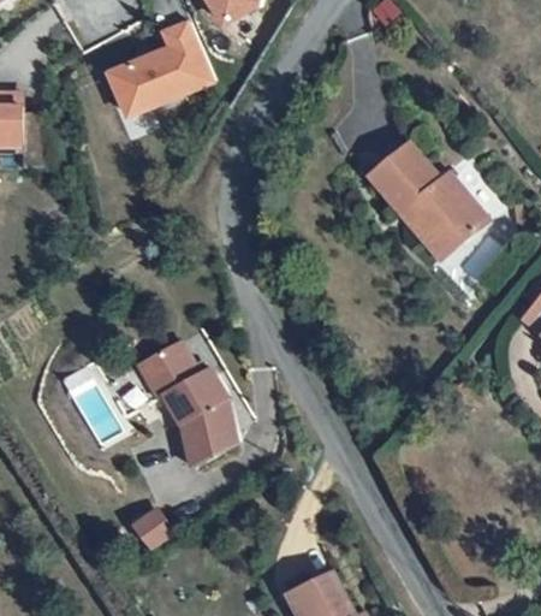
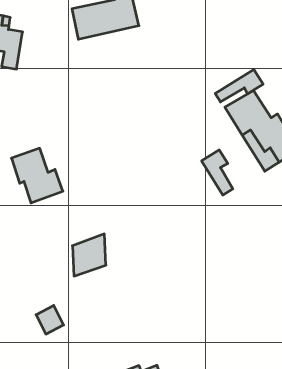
building: none -> [215,69,263,102]
building: none -> [202,150,233,195]
building: [132,332,216,415] -> [11,148,63,203]

